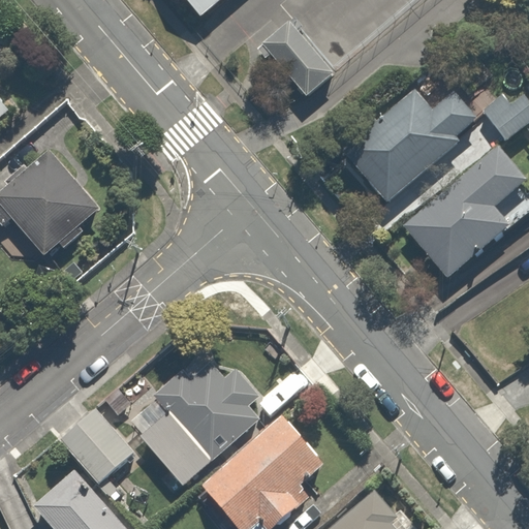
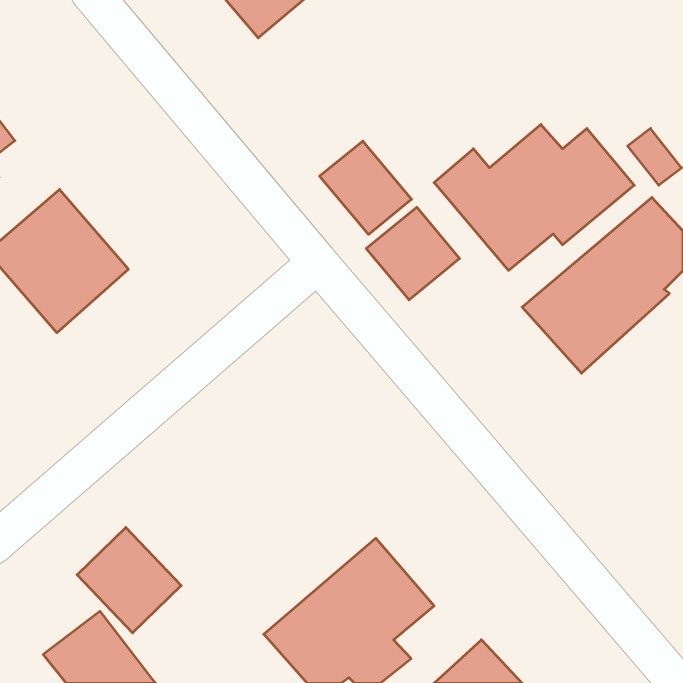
building: [257,33,328,104] -> [320,141,412,234]
building: none -> [366,207,460,300]
building: [129,351,267,483] -> none

